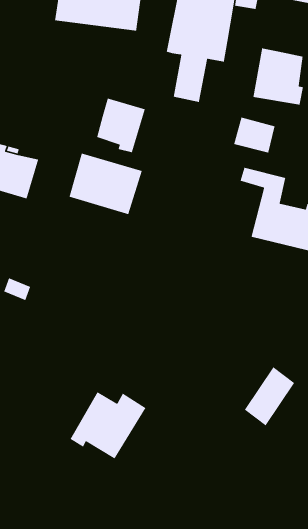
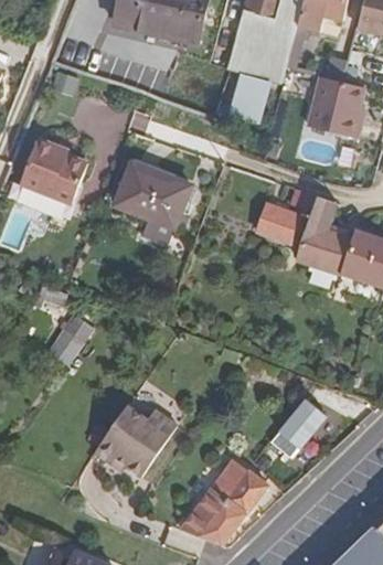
building: [96,97,146,153] -> none
building: [233,117,275,153] -> [256,203,300,243]
building: none -> [49,313,94,365]
building: none -> [181,458,270,545]

